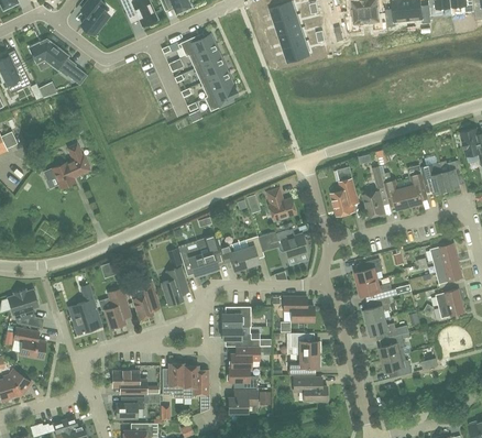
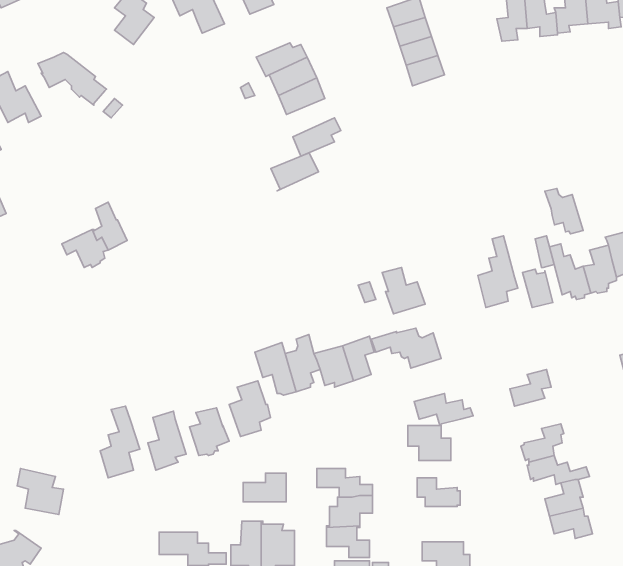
building: [200,72,233,98] -> [271,153,319,191]
building: none -> [545,189,583,234]
building: [358,278,398,300] -> [414,394,473,425]
building: [8,289,39,325] -> none
building: [221,307,251,327] -> [243,473,286,502]
building: [291,353,320,375] -> none

